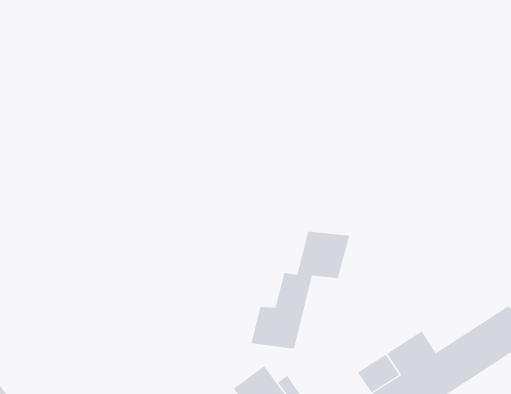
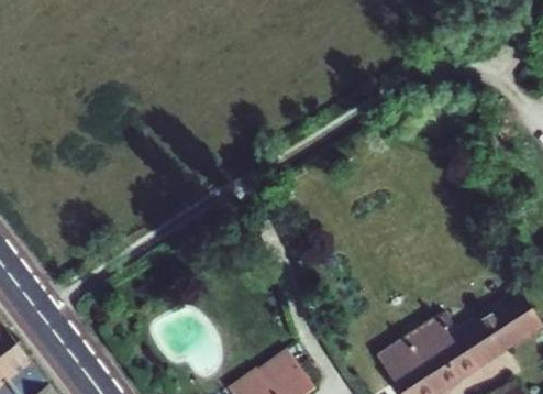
building: [251,231,350,349] -> none

